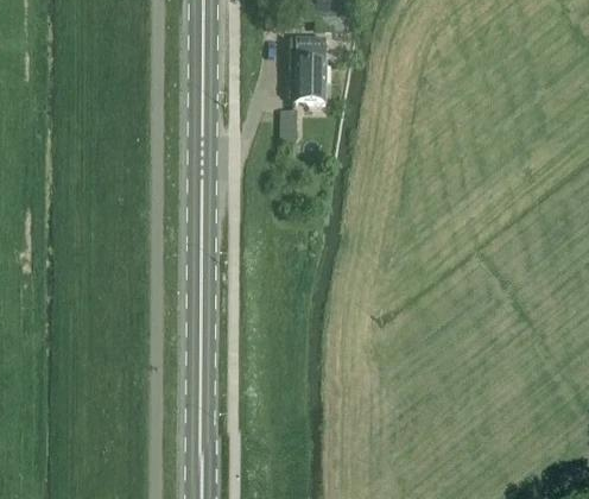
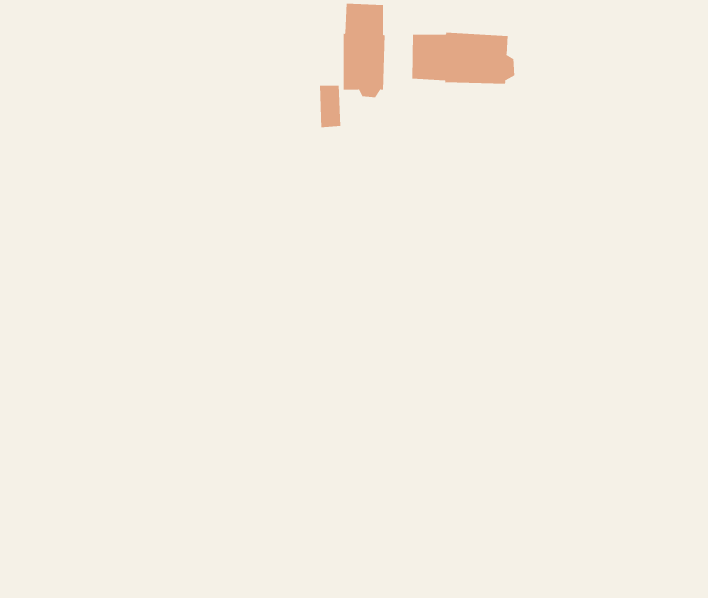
building: none -> [412,32,515,85]

